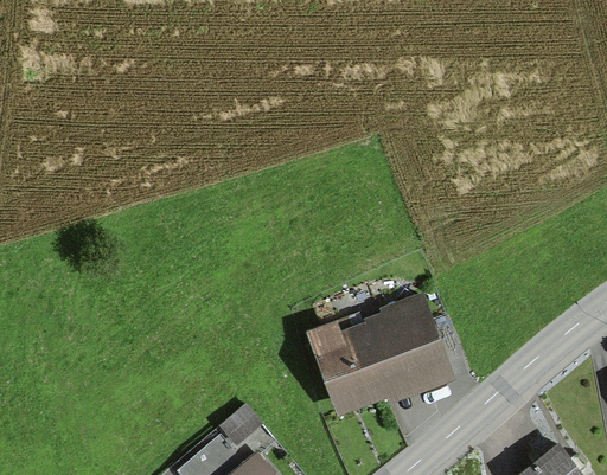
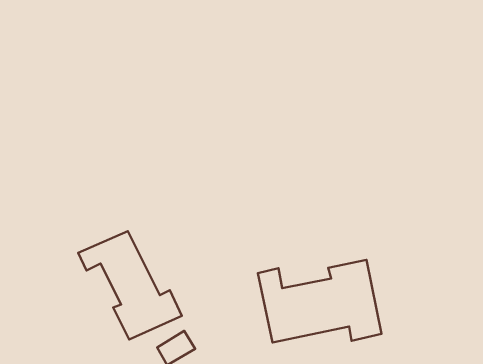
building: none -> [78,231,182,340]

